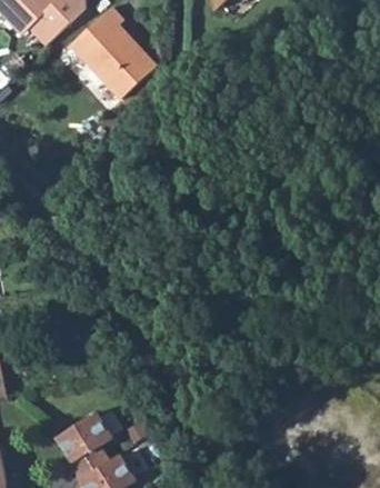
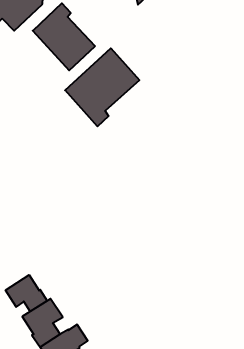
building: none -> [65,48,139,126]
building: none -> [6,275,47,312]

